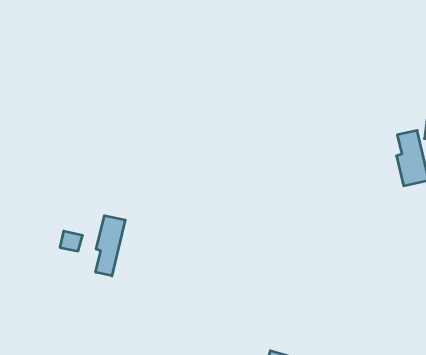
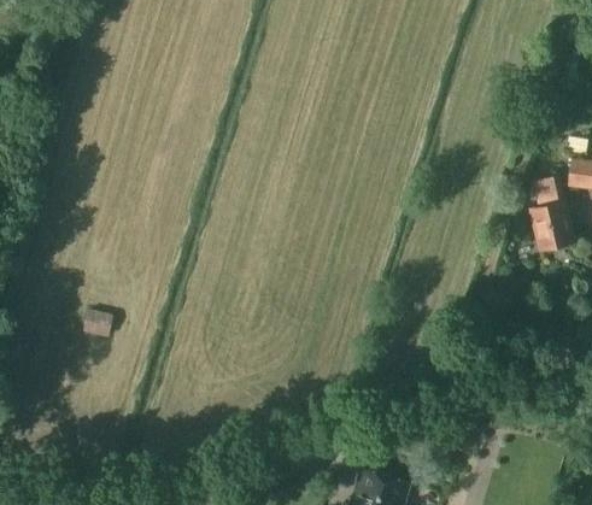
building: [96,216,125,276] -> none

